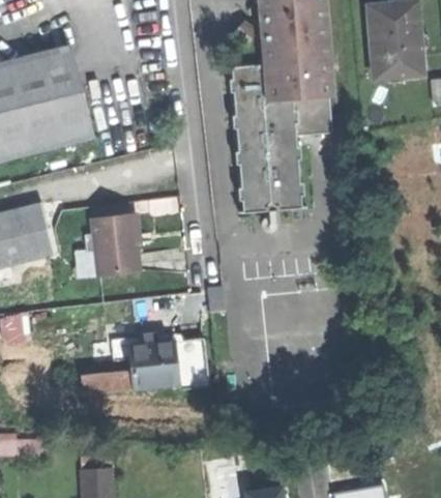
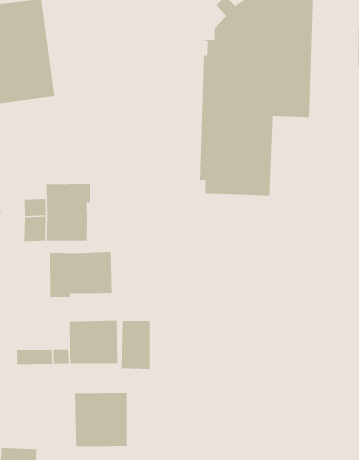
building: none -> [49,251,112,298]
building: none -> [74,392,128,447]

